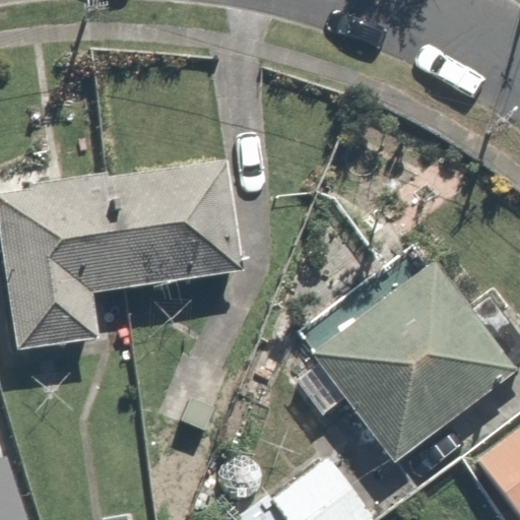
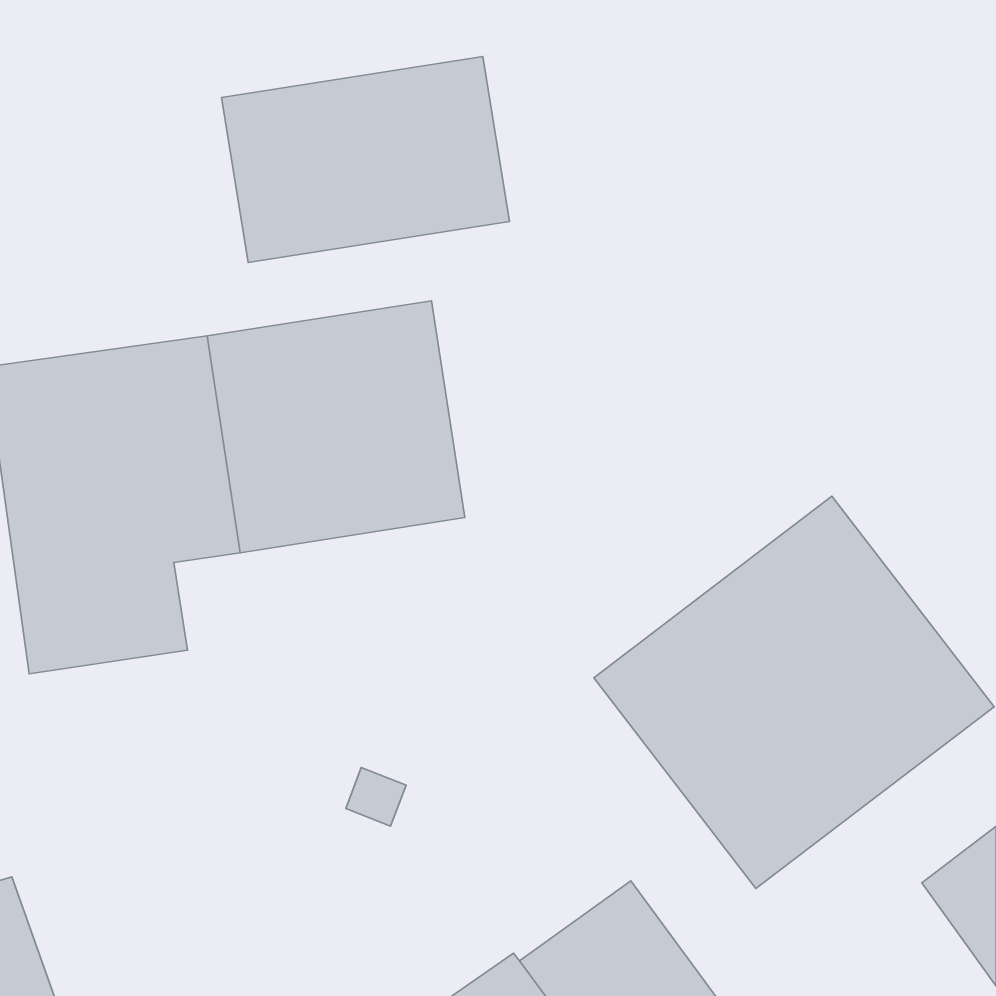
building: none -> [221,57,510,262]

